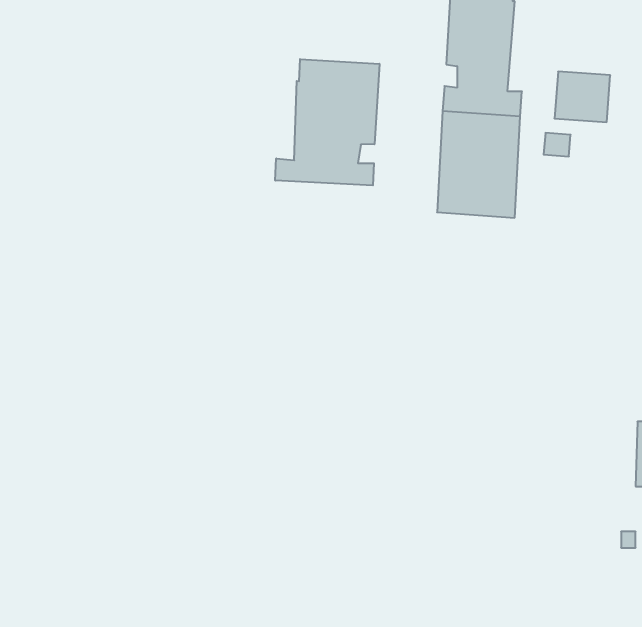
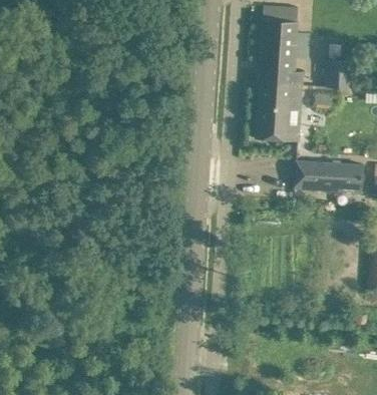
building: [275,59,379,185] -> none
building: none -> [298,160,367,192]

